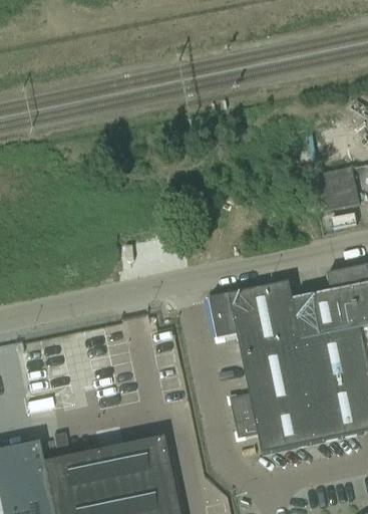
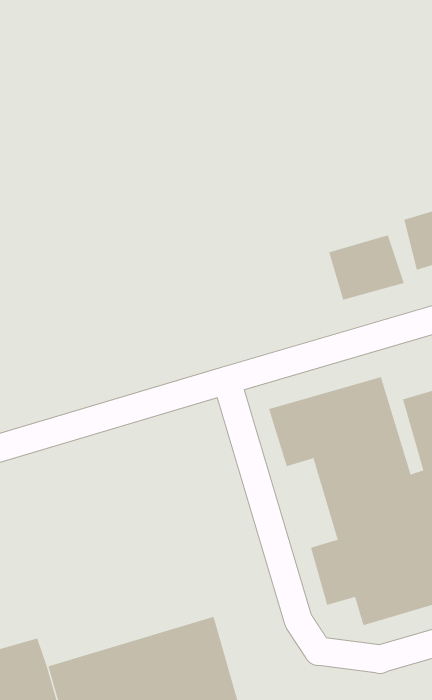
building: none -> [329,234,405,300]

